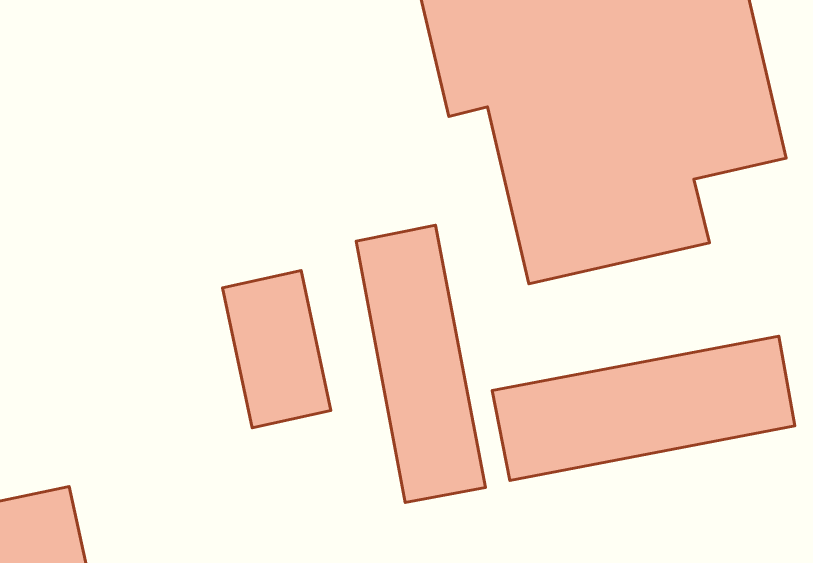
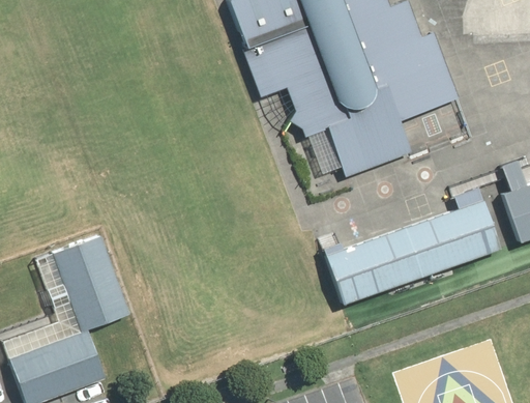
building: [356,225,485,502] -> none
building: [222,270,331,428] -> [58,236,127,327]

